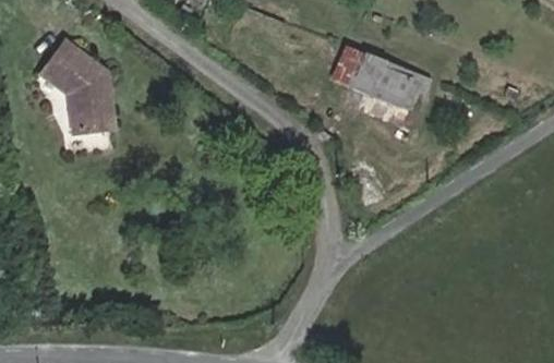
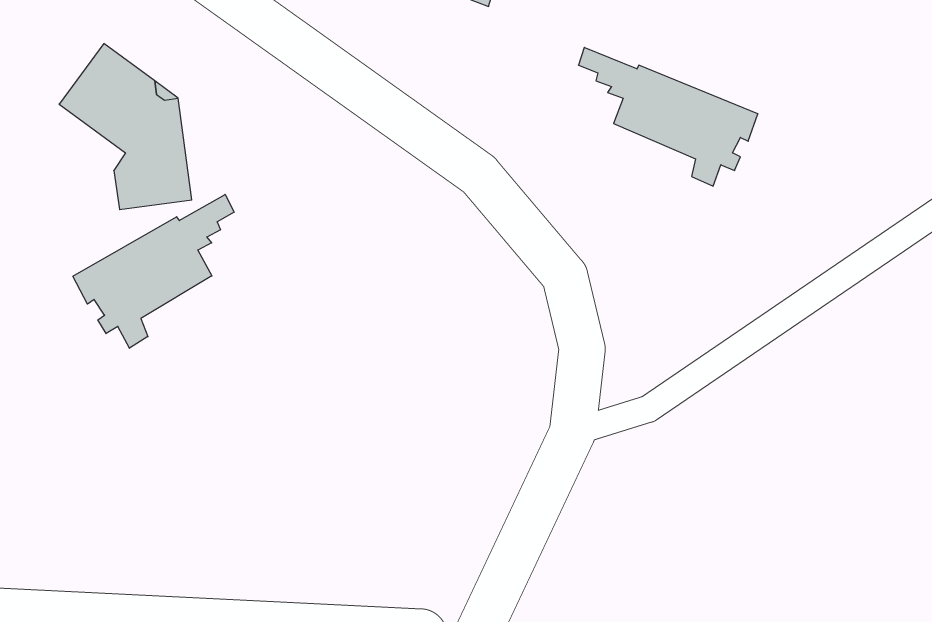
building: none -> [73,194,234,348]

